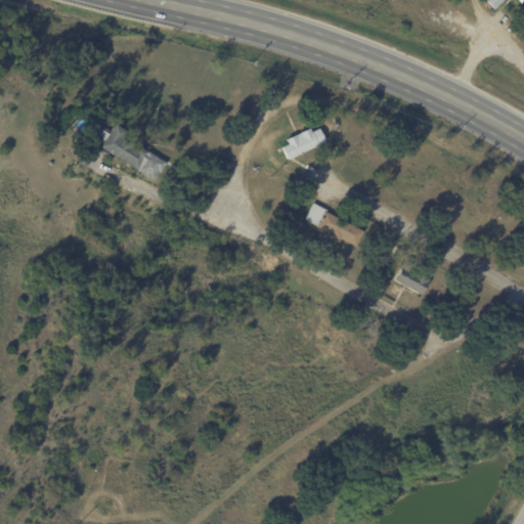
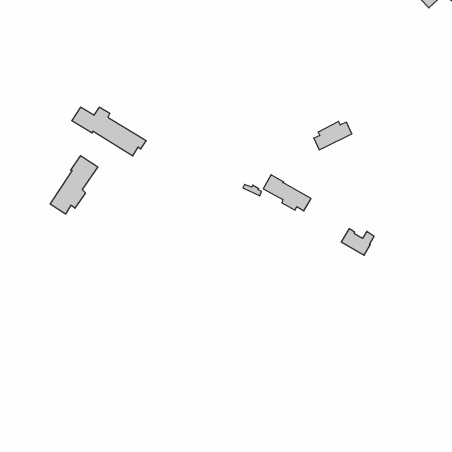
building: [282,127,326,160] -> [314,121,352,150]
building: none -> [50,156,98,214]

